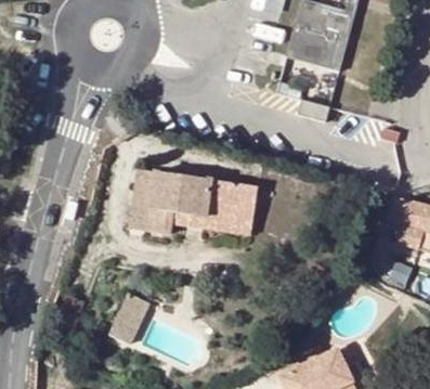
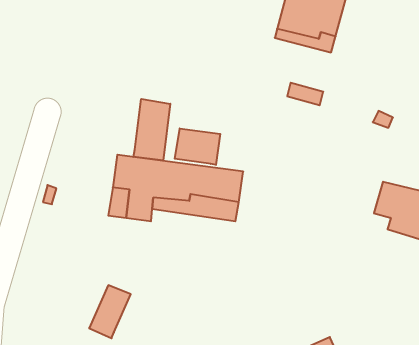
building: none -> [133,99,170,161]
building: none -> [175,128,220,165]

